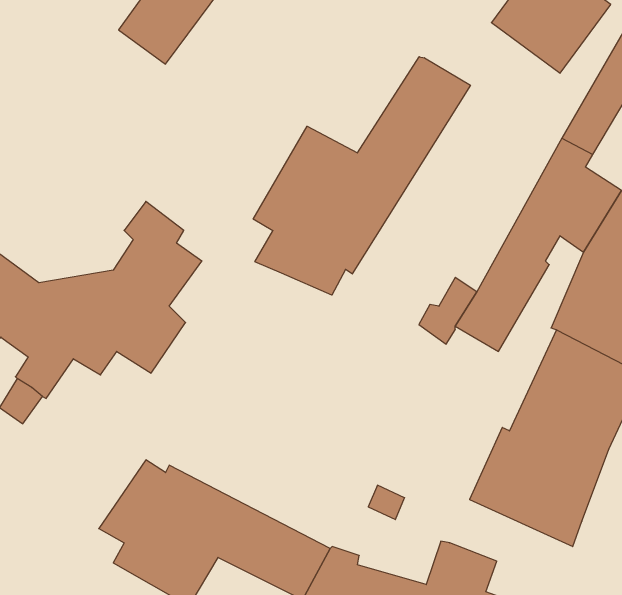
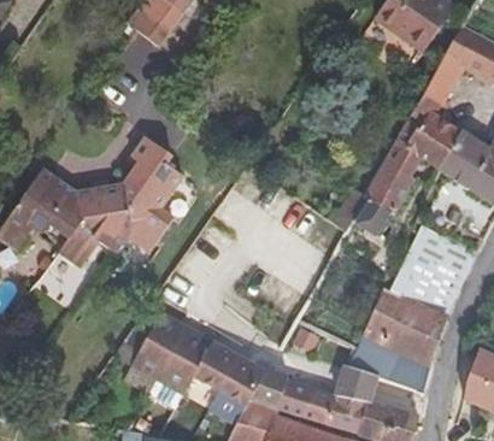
building: [253,57,470,295] -> none
building: none -> [348,336,430,393]

